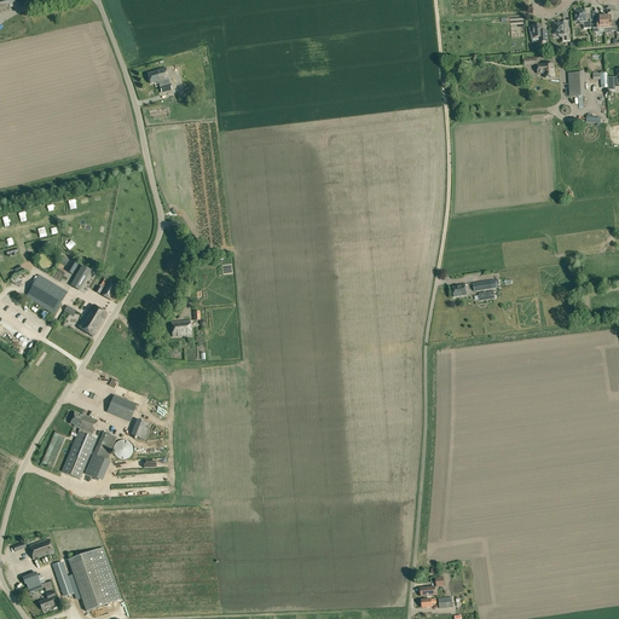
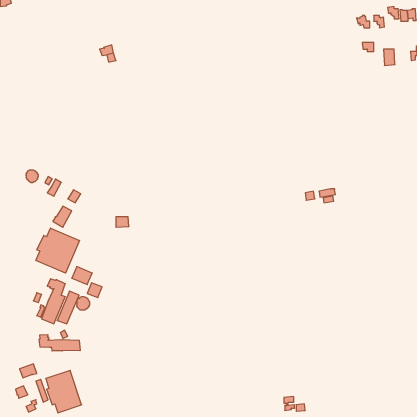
building: [25,274,68,314] -> none
building: none -> [36,228,79,273]
building: none -> [39,335,80,351]

